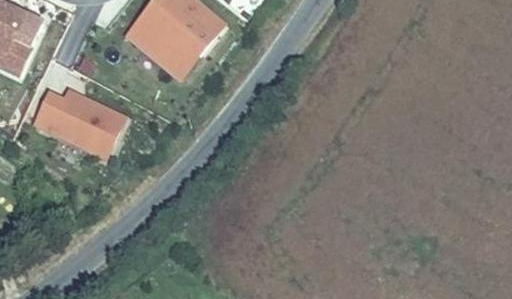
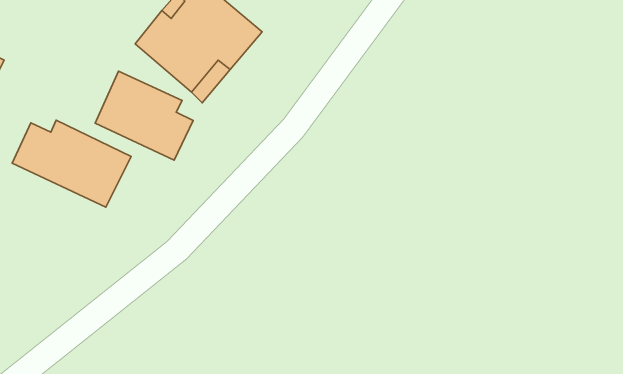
building: none -> [95,71,193,160]

